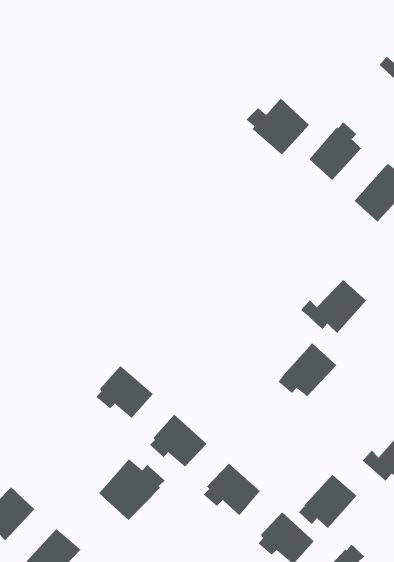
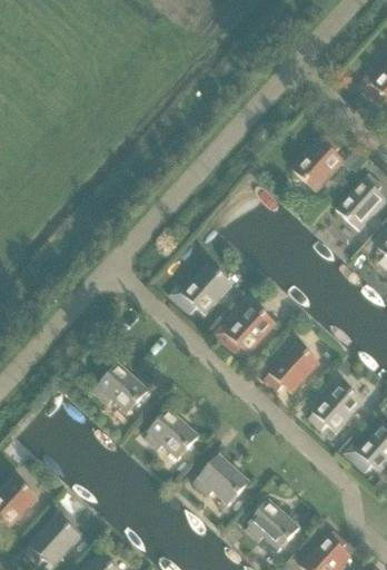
building: [246,97,310,155] -> none
building: none -> [169,263,231,314]
building: [300,279,367,334] -> [212,303,275,354]
building: [98,458,165,521] -> none
building: [298,474,358,529] -> [307,382,363,433]

